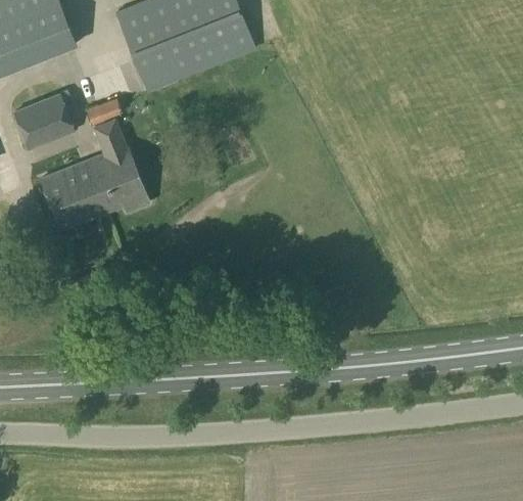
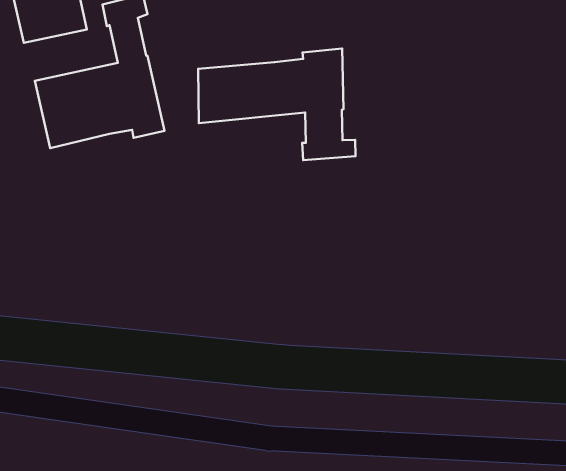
building: none -> [198,49,355,160]

